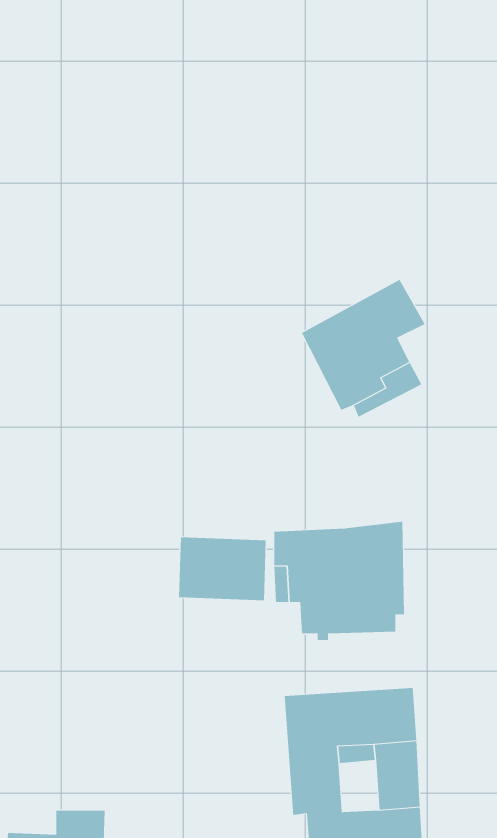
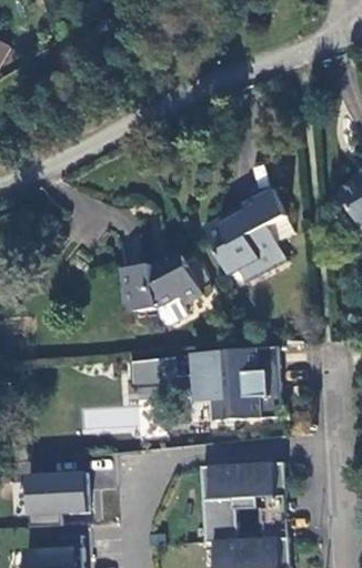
building: none -> [125,260,200,310]
building: none -> [22,474,91,526]

